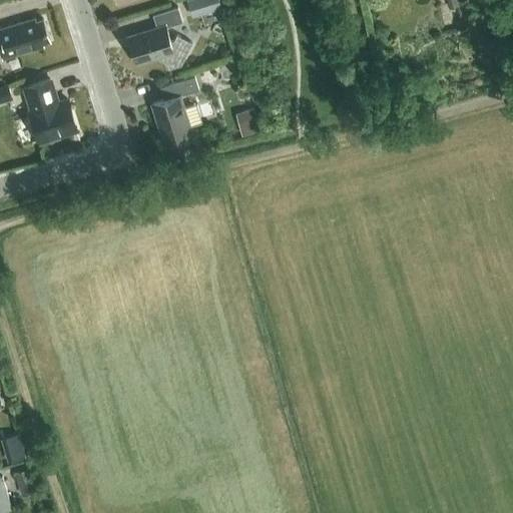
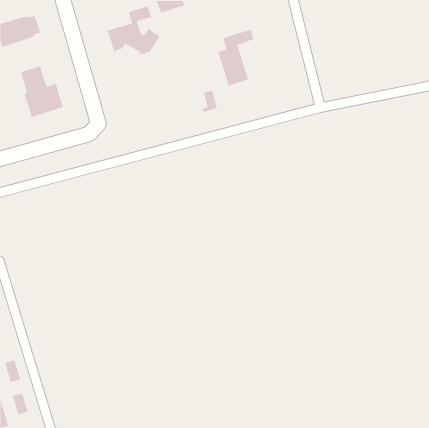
building: [152,77,196,146] -> [217,29,254,87]

